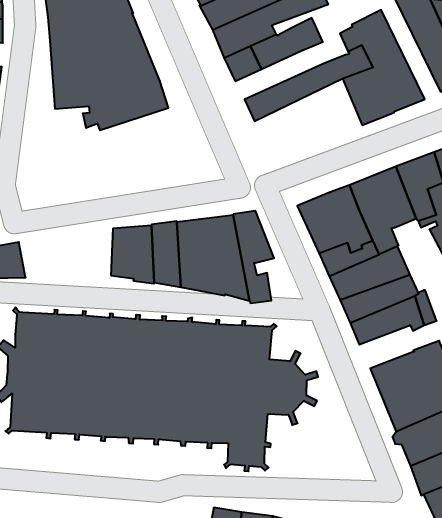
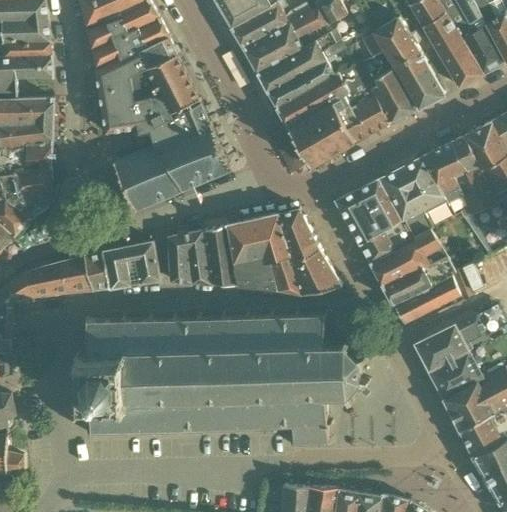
building: none -> [268,59,347,108]
building: none -> [288,81,388,166]
building: none -> [103,122,228,220]
building: none -> [83,242,158,289]
building: none -> [300,251,339,290]

